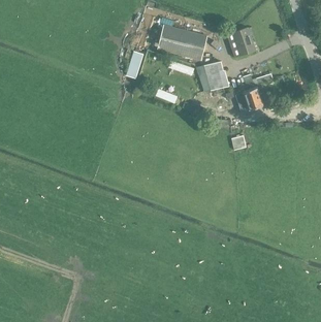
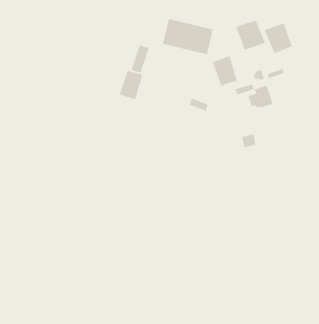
building: none -> [264,23,293,54]
building: none -> [119,70,143,101]

